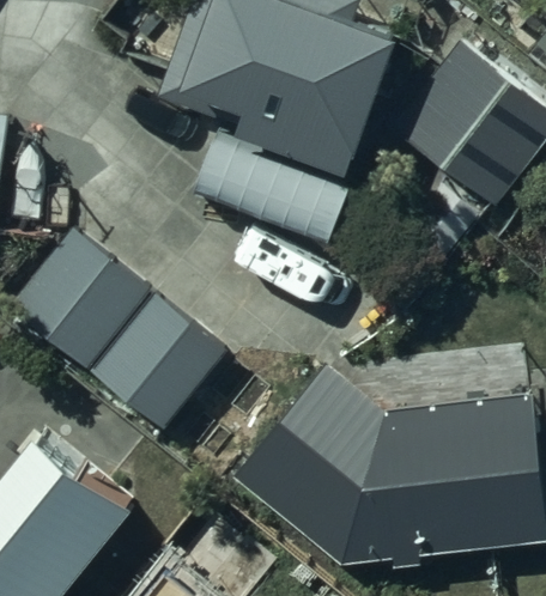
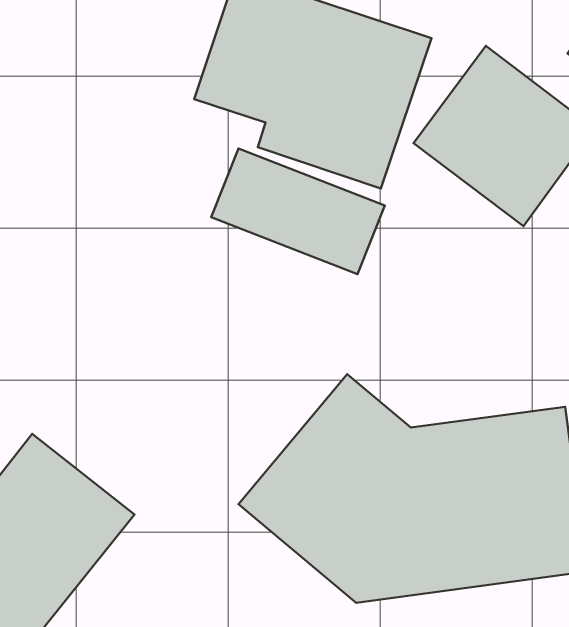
building: [17,242,233,440] -> none

